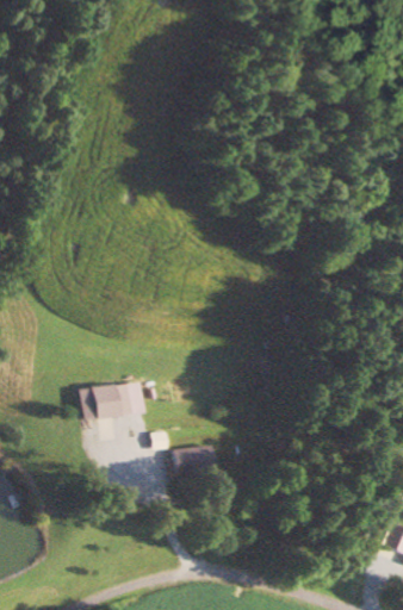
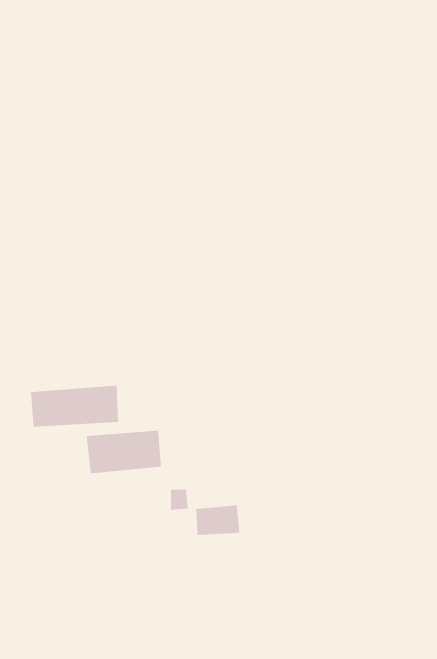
building: none -> [30,385,118,428]

